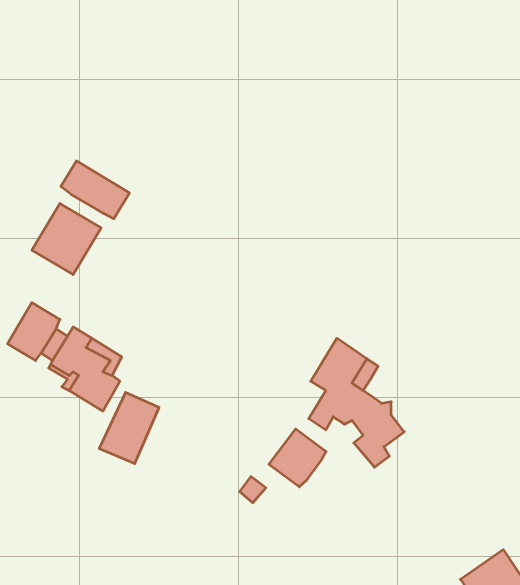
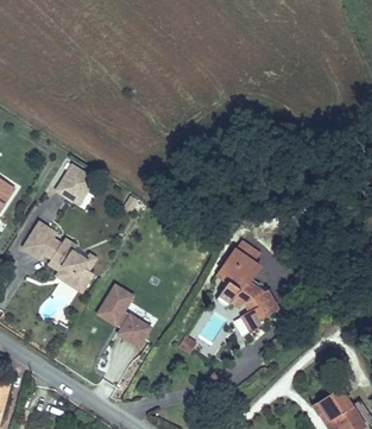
building: [61,161,129,219] -> none
building: [269,429,326,487] -> none
building: none -> [106,307,145,345]

